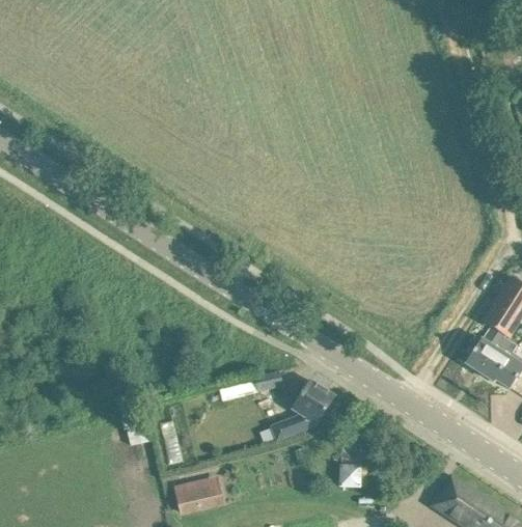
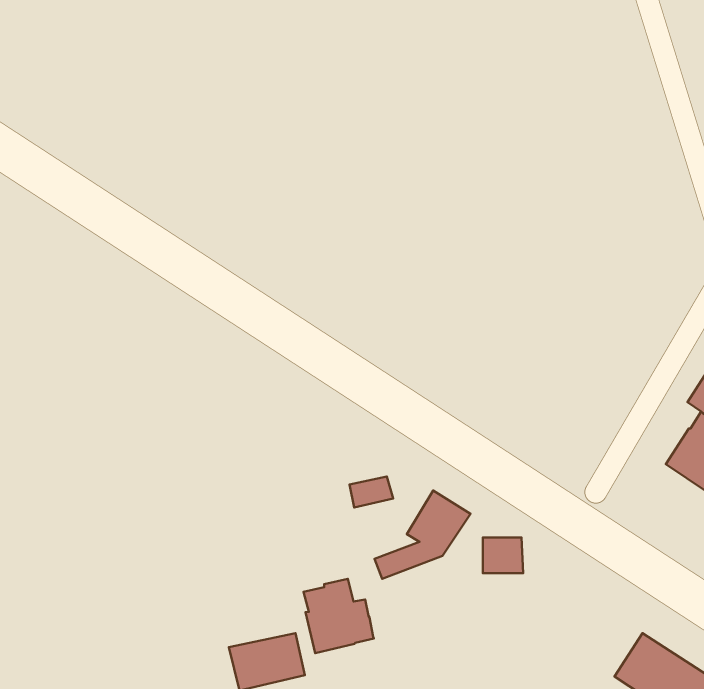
building: none -> [304,579,374,653]
building: [340,463,367,487] -> [483,538,523,573]

